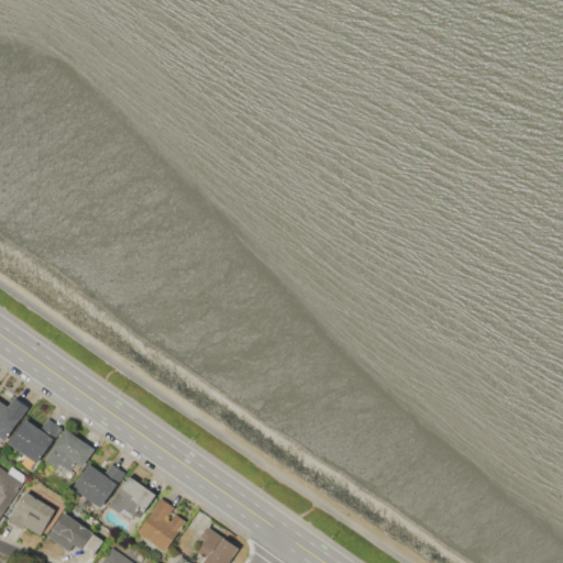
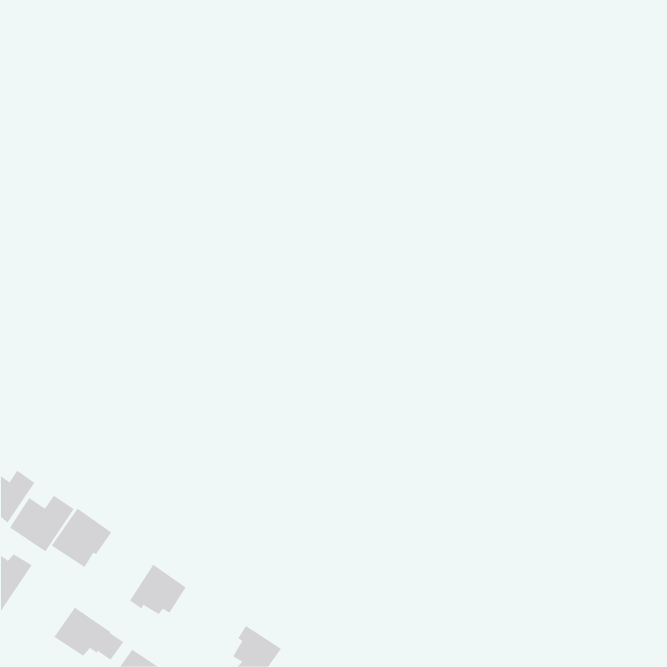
building: [71,463,125,509] -> none
building: [7,492,57,536] -> none
building: [136,497,186,552] -> none

